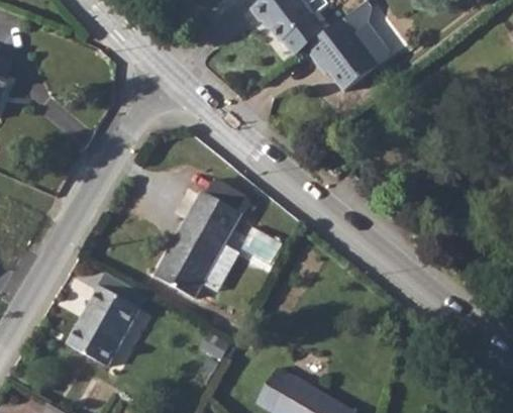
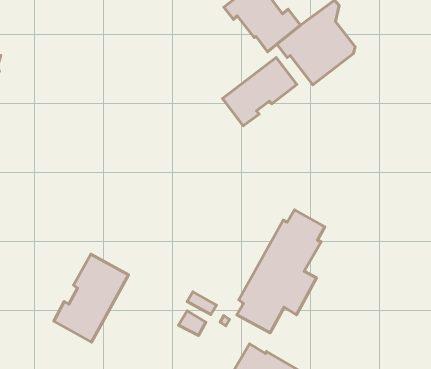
building: none -> [222,58,297,126]
building: [151,180,245,311] -> [237,210,325,333]

